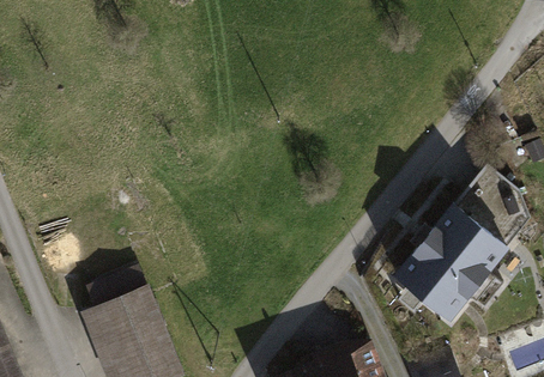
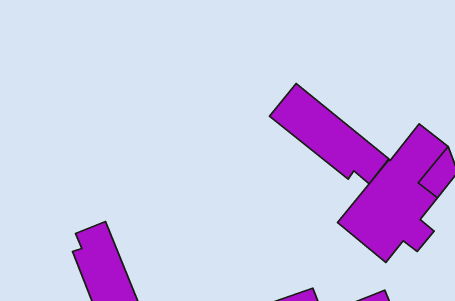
building: none -> [269,83,389,184]

